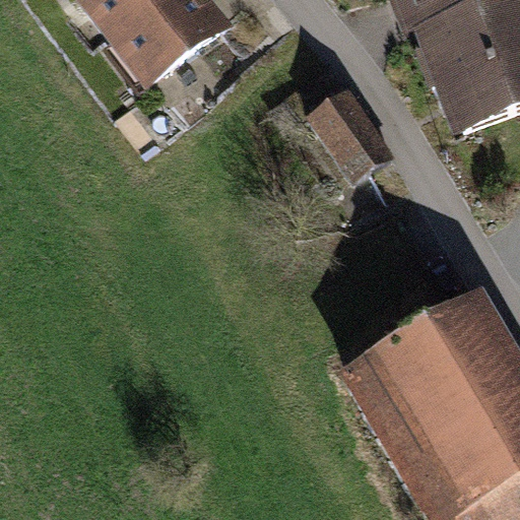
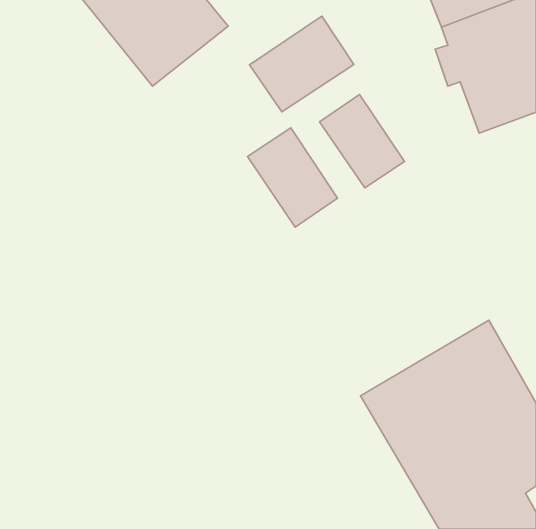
building: none -> [250,16,354,112]
building: none -> [248,128,337,227]

